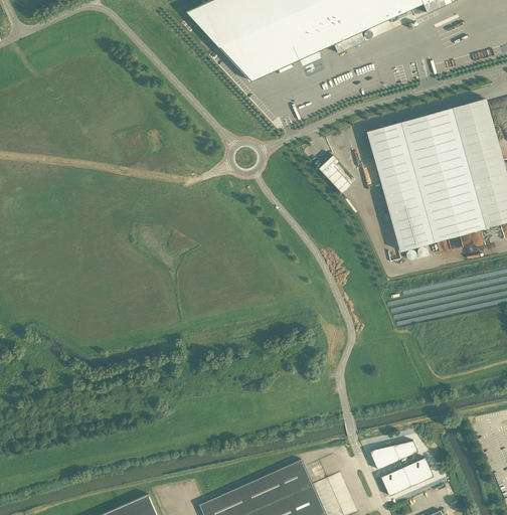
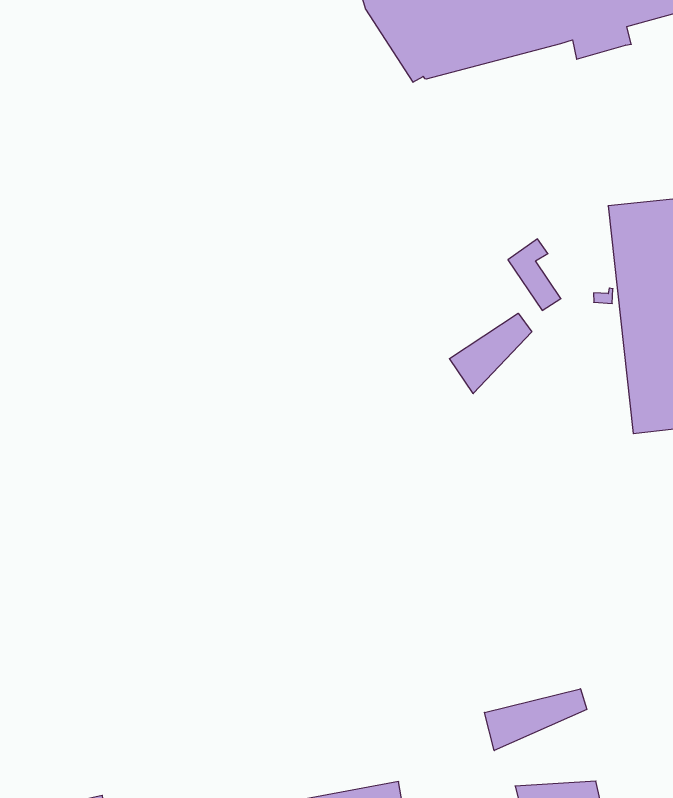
building: none -> [449,313,532,394]
building: none -> [484,689,587,751]

